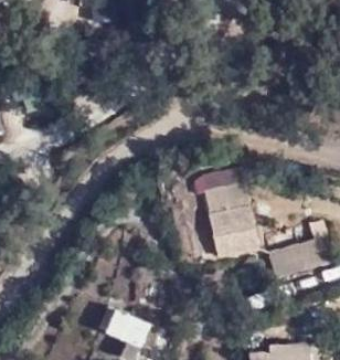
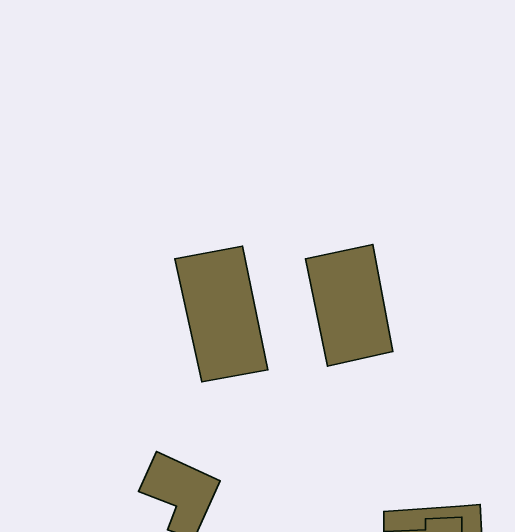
building: none -> [175,246,268,382]
building: [270,242,319,277] -> none

